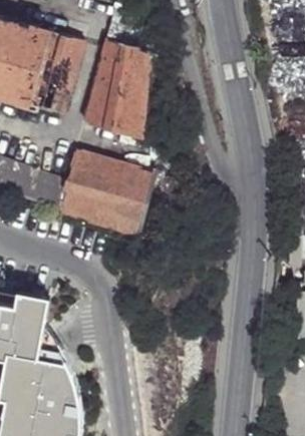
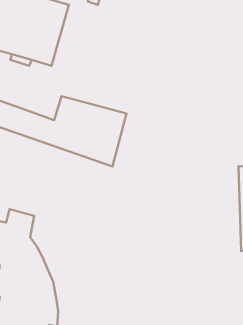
building: [85,41,151,136] -> none

